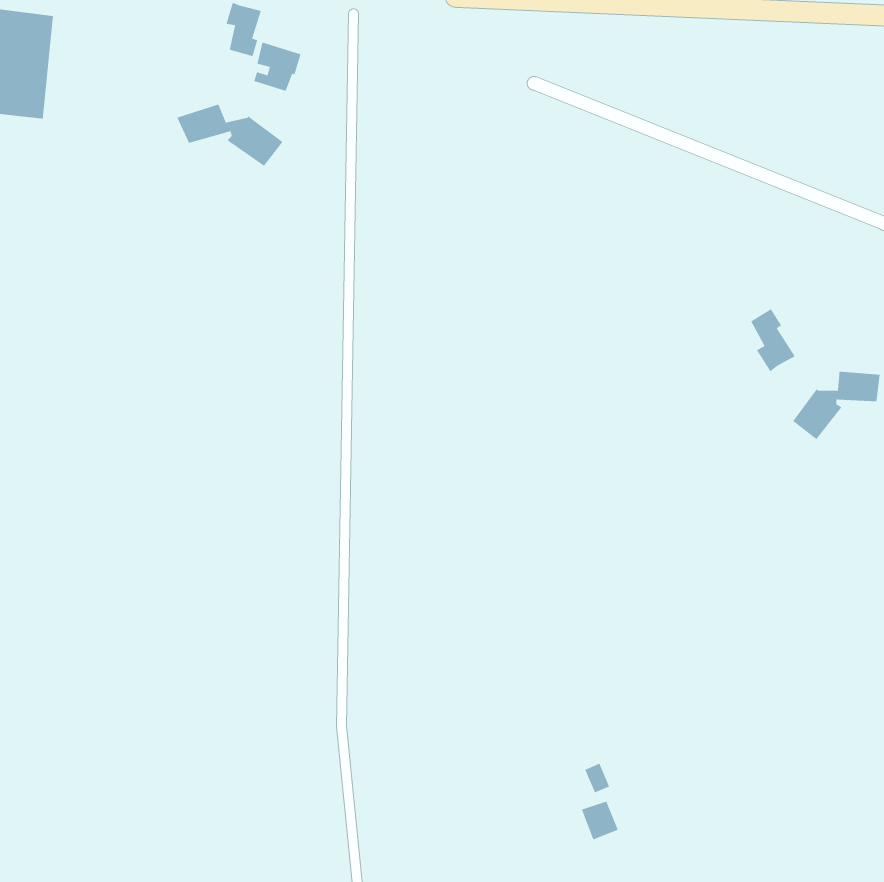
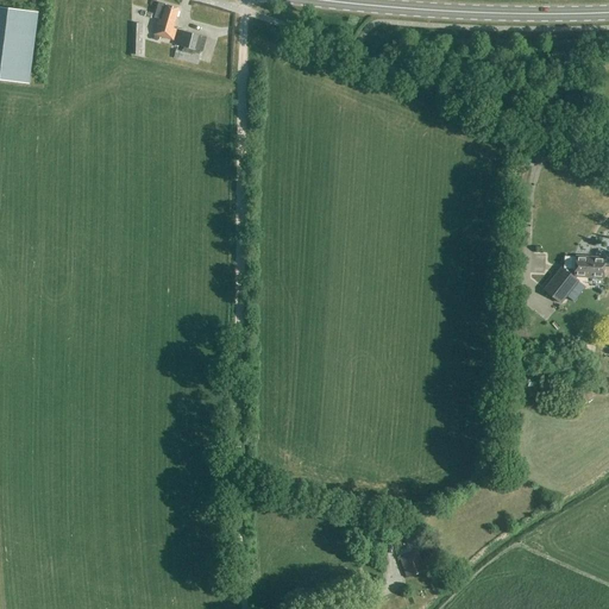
building: [176,103,284,167] -> none
building: [750,308,796,372] -> none

